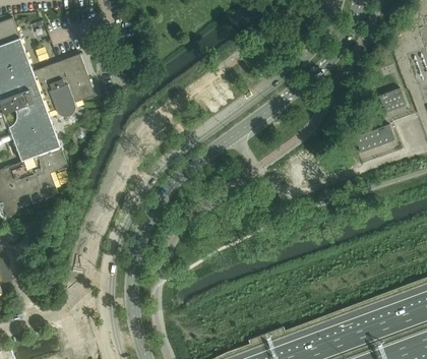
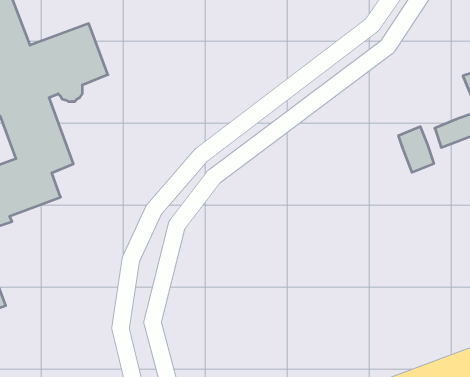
building: none -> [399,127,434,172]

